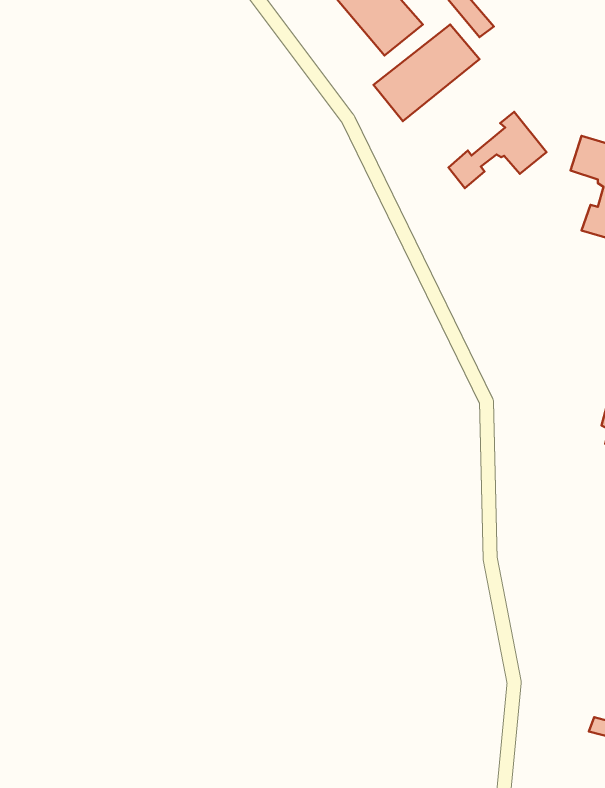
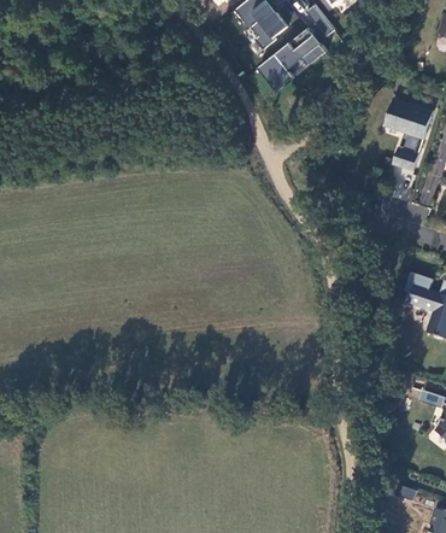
building: [449,112,546,188] -> none

